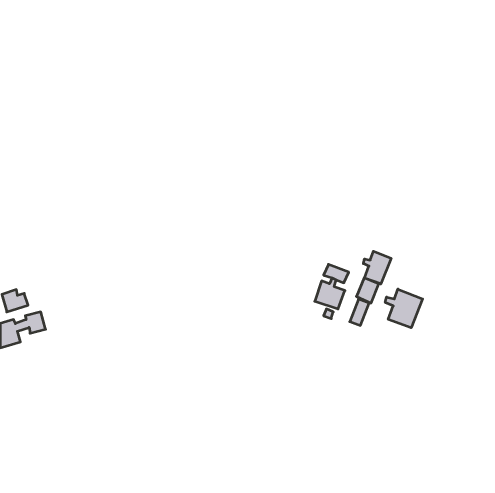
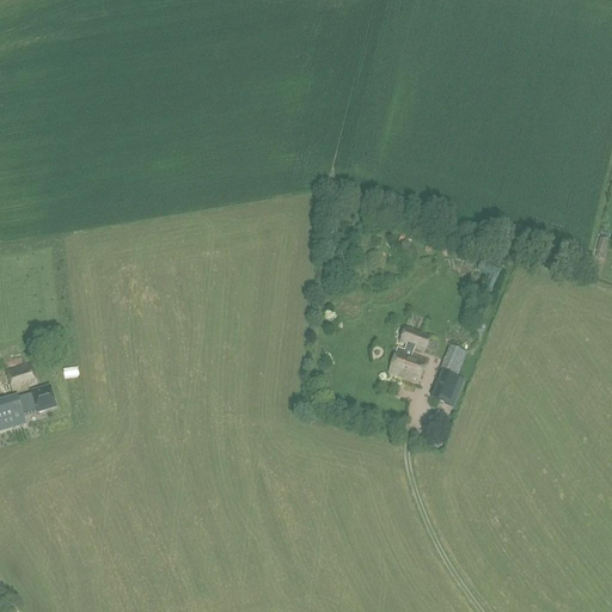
building: [363,251,391,284] -> none
building: [385,289,423,328] -> none

